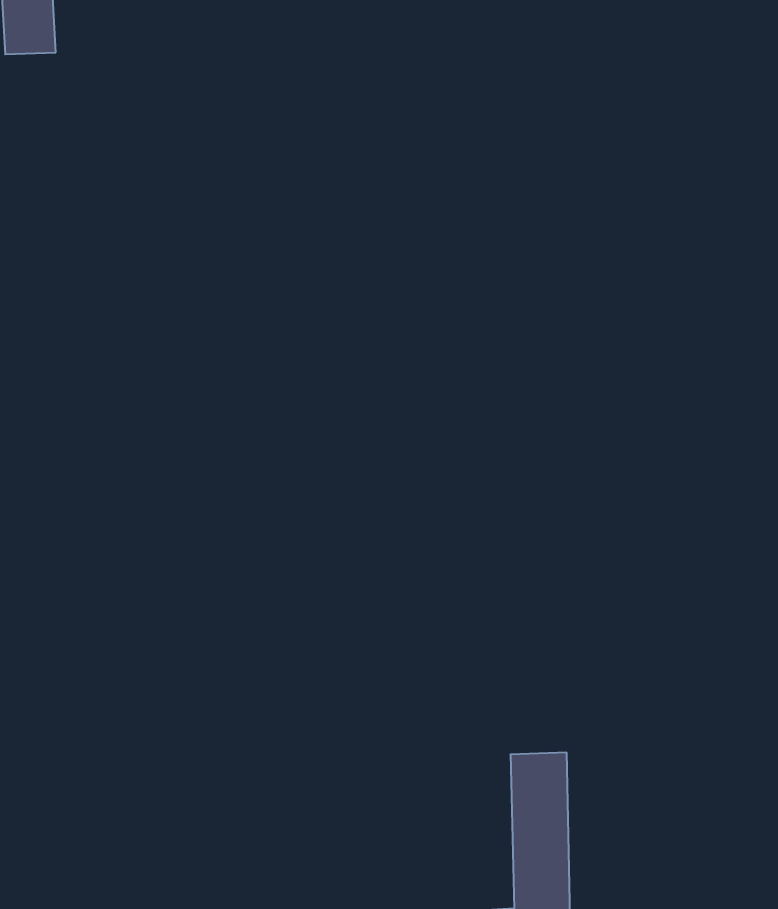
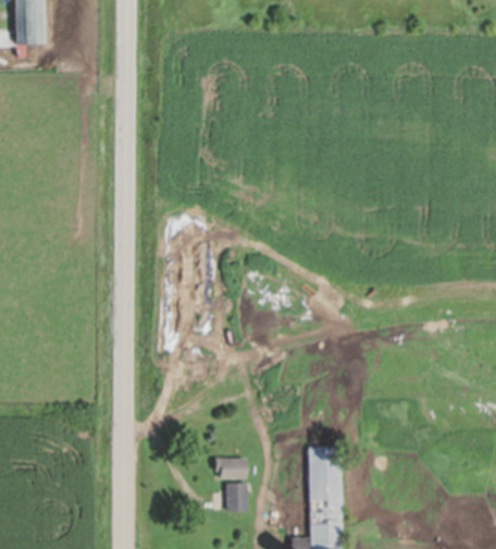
building: none -> [215,459,246,478]
building: none -> [226,483,248,511]

